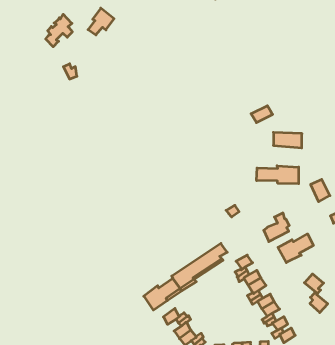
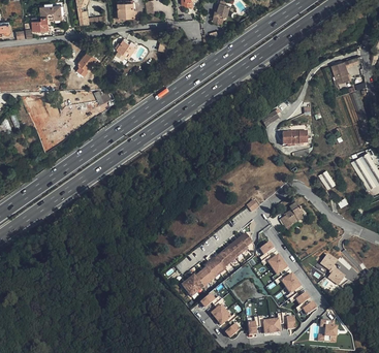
building: [257,166,299,184] -> none
building: [278,234,313,263] -> none

